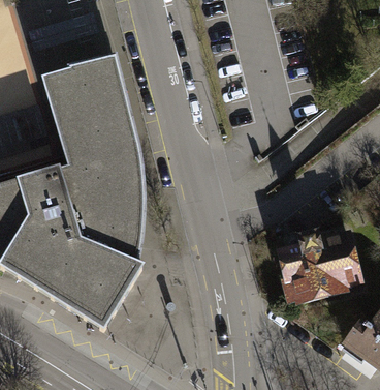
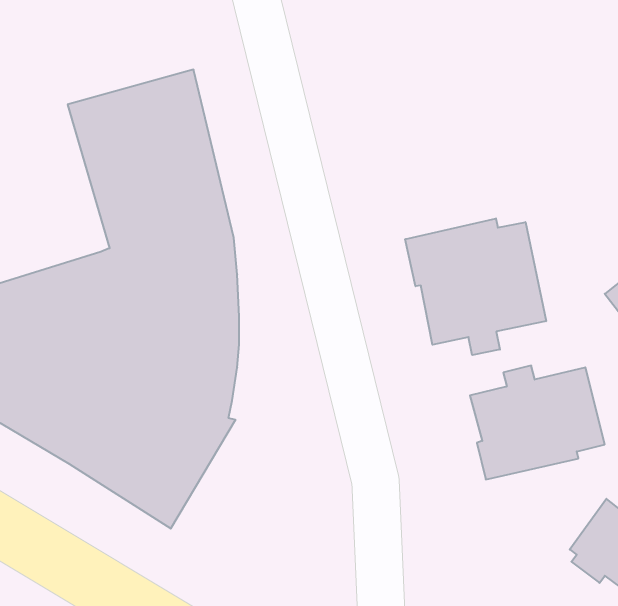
building: none -> [405,218,546,355]

